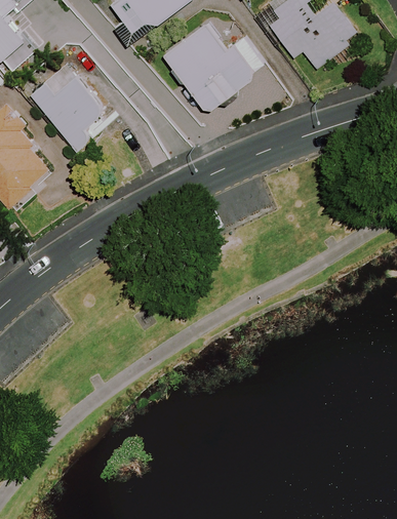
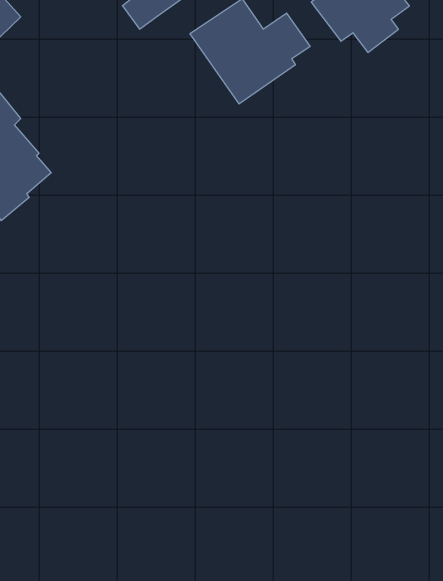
building: [29,76,103,150] -> none

